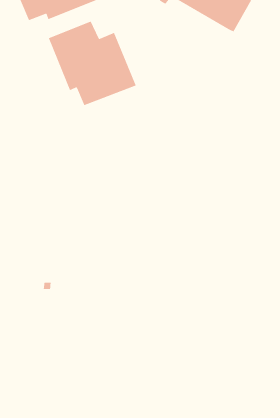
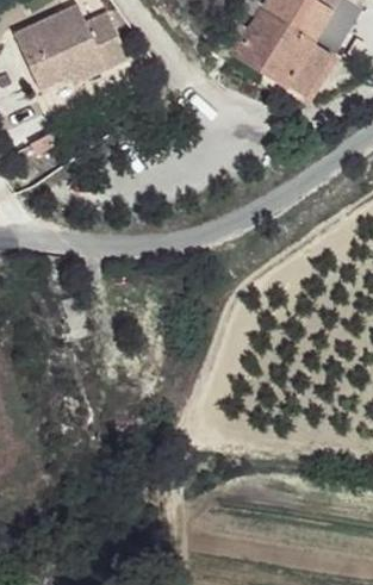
building: [48,21,137,106] -> none

